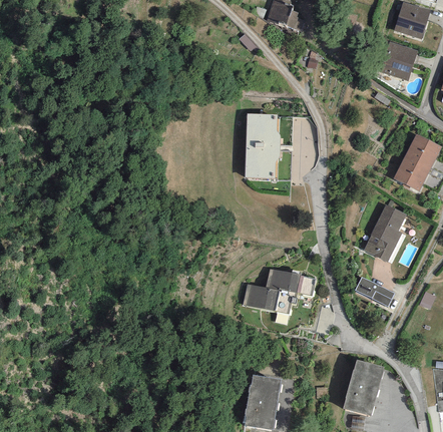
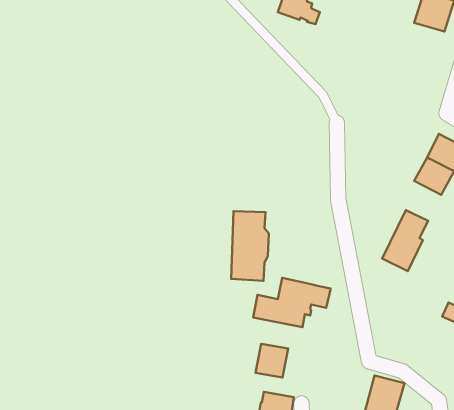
building: [378,40,418,81] -> none
building: [245,113,280,178] -> [231,211,269,281]
building: [355,277,394,307] -> none
building: none -> [256,344,288,378]

